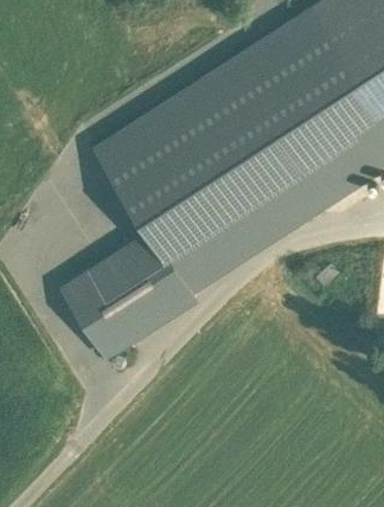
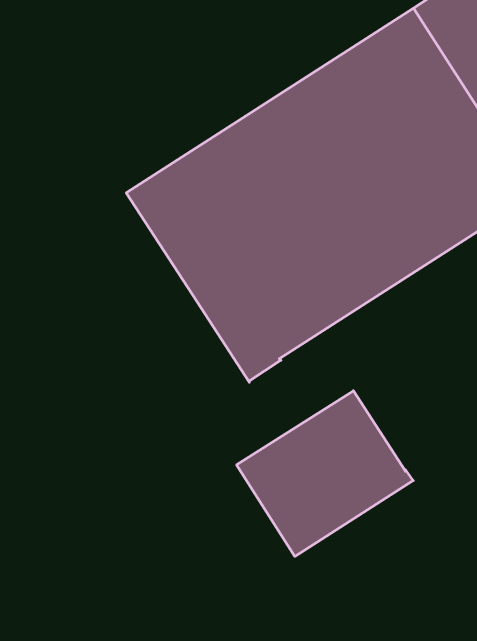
building: [62,229,194,353] -> [237,391,413,556]

